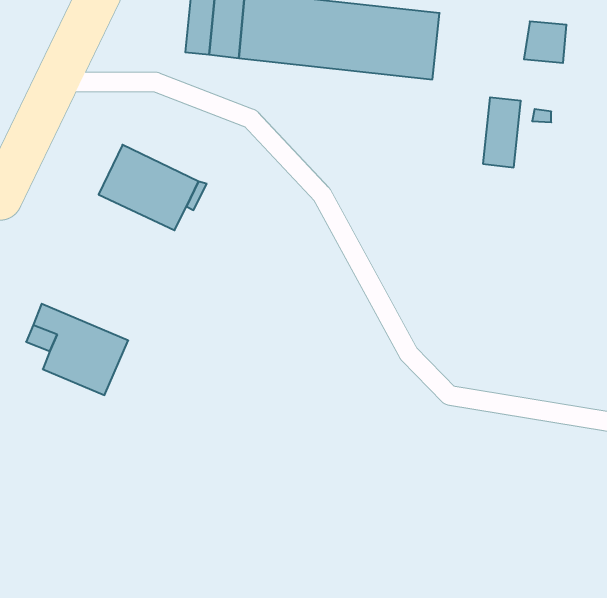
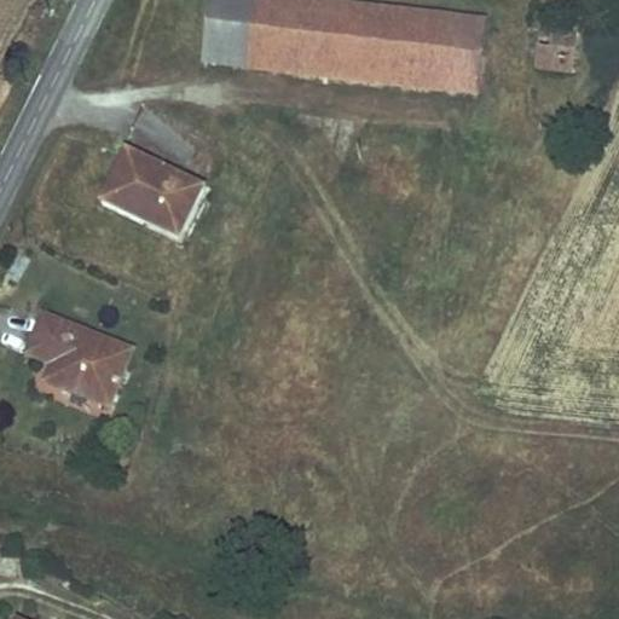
building: [483,97,521,167] -> [440,13,479,85]

